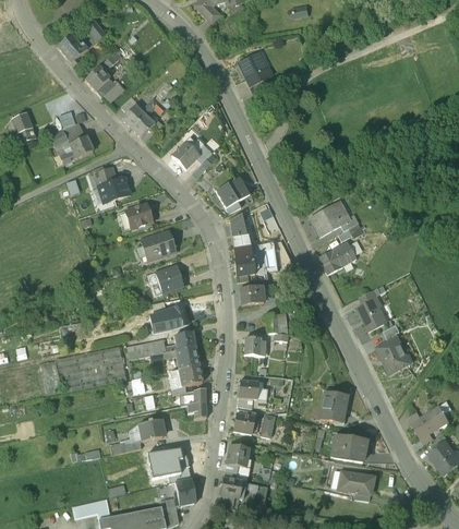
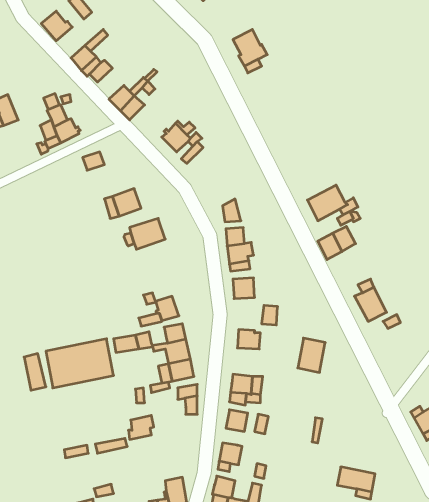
building: [216,176,250,207] -> none
building: [98,180,131,203] -> none
building: [147,265,184,296] -> none
building: [376,335,410,372] -> none
building: [322,387,348,420] -> [298,338,325,372]
building: [333,432,367,459] -> none
building: [147,445,182,476] -> none

